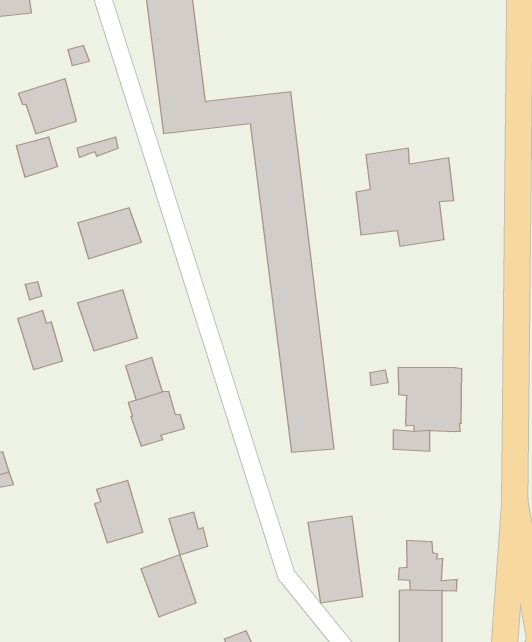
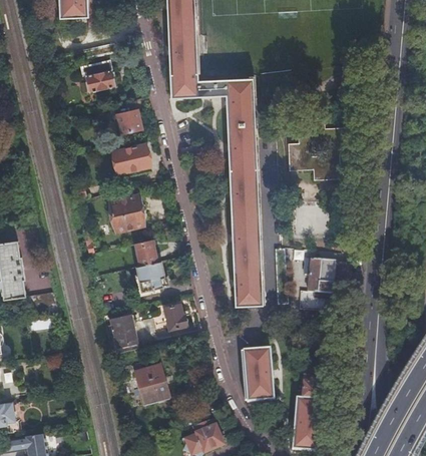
building: [16,137,58,177] -> [116,110,141,134]
building: [18,310,62,370] -> none
building: [169,512,208,555] -> [163,304,186,330]

